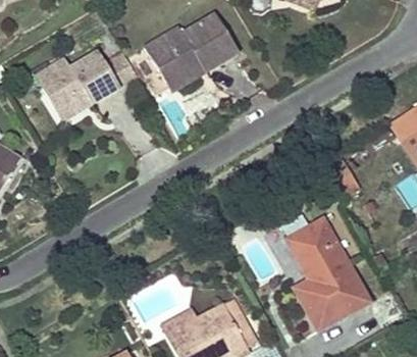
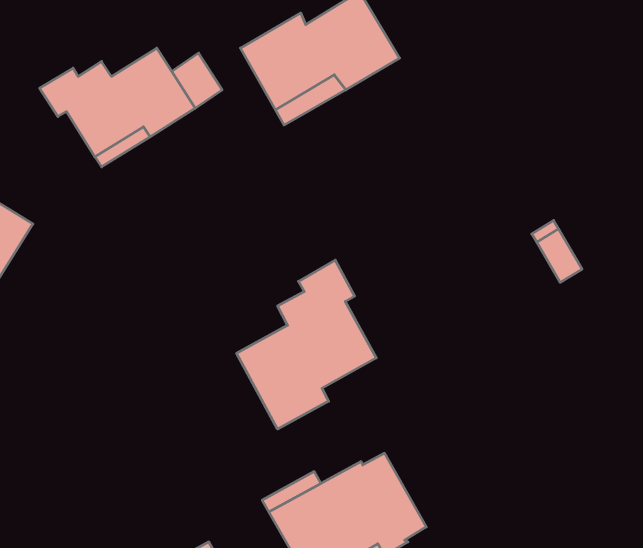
building: none -> [237,260,376,429]
building: [286,217,368,328] -> none

